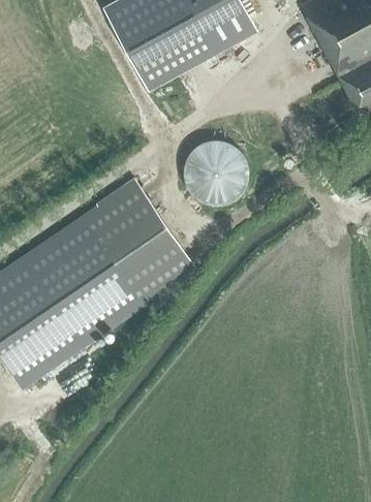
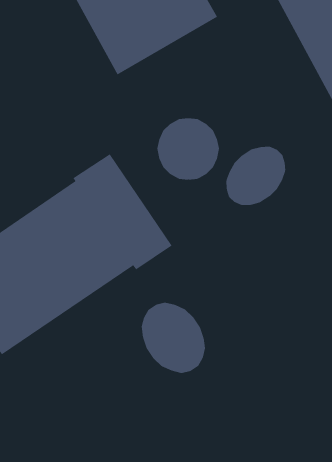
building: none -> [226,146,286,206]
building: none -> [141,302,206,374]

